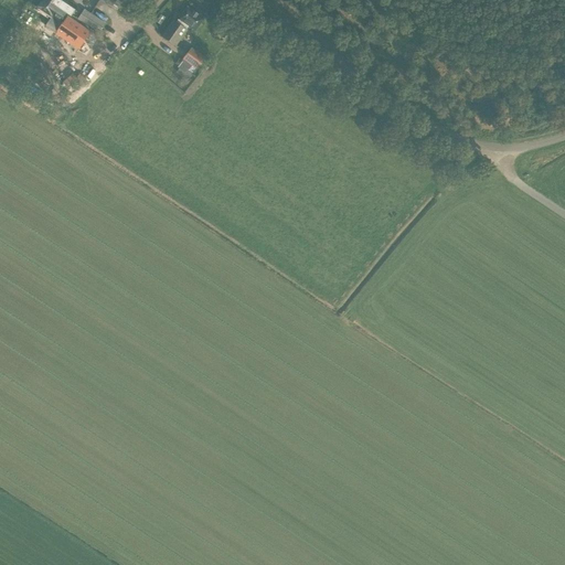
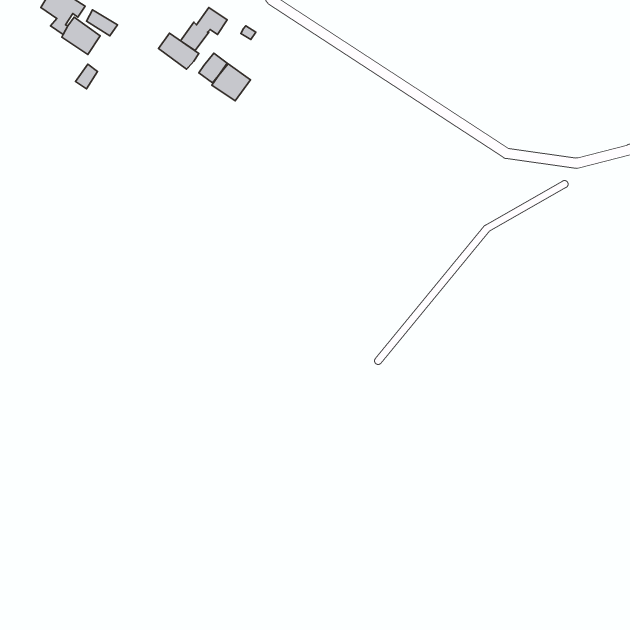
building: none -> [158,33,199,69]
building: none -> [212,64,250,101]

